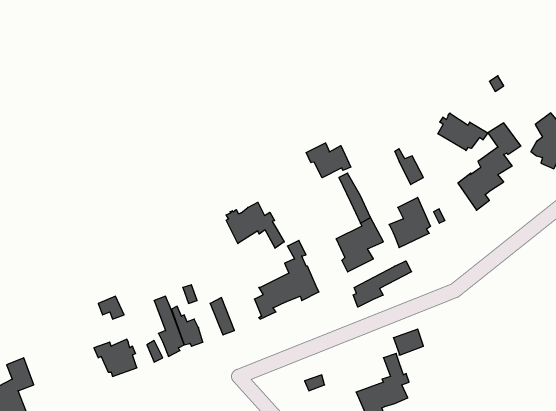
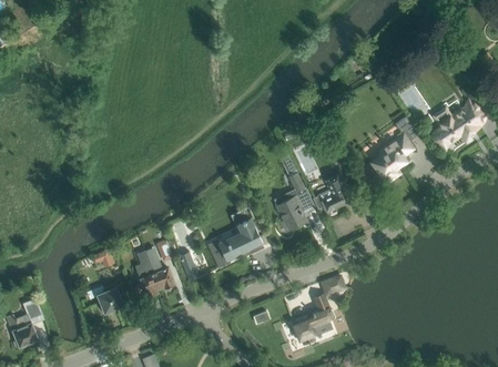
building: [438,113,488,151] -> none
building: [306,143,351,178] -> none
building: [226,202,284,248] -> none
building: [353,261,412,307] -> none

